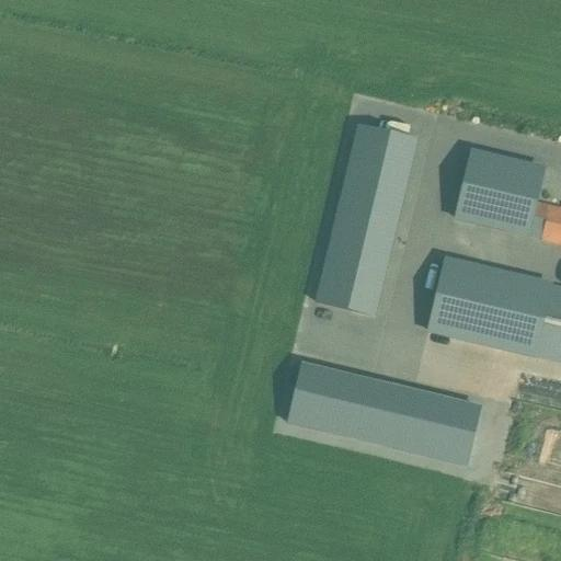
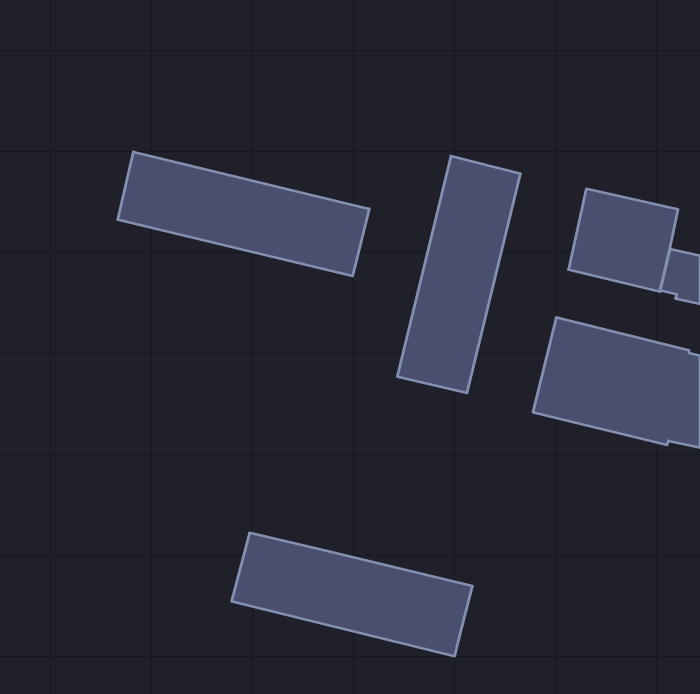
building: none -> [118,152,369,276]
building: [287,364,480,462] -> [232,533,473,656]

